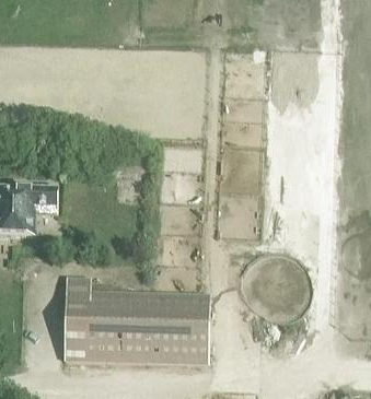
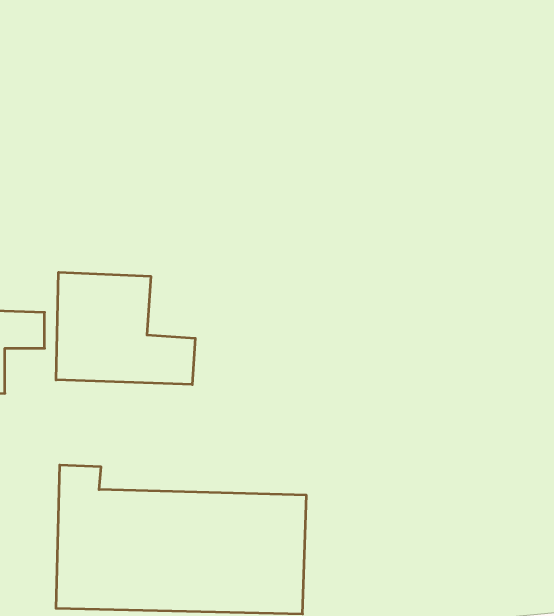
building: none -> [56,272,195,385]

